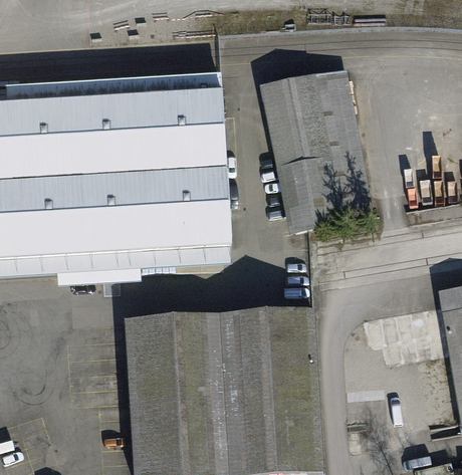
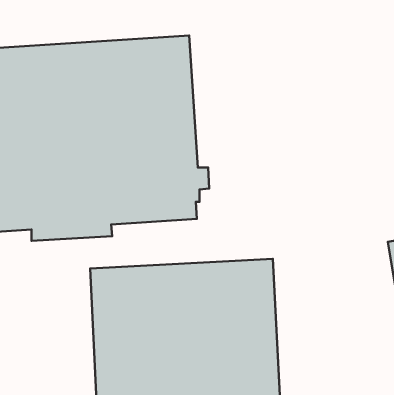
building: [264,66,372,225] -> none

